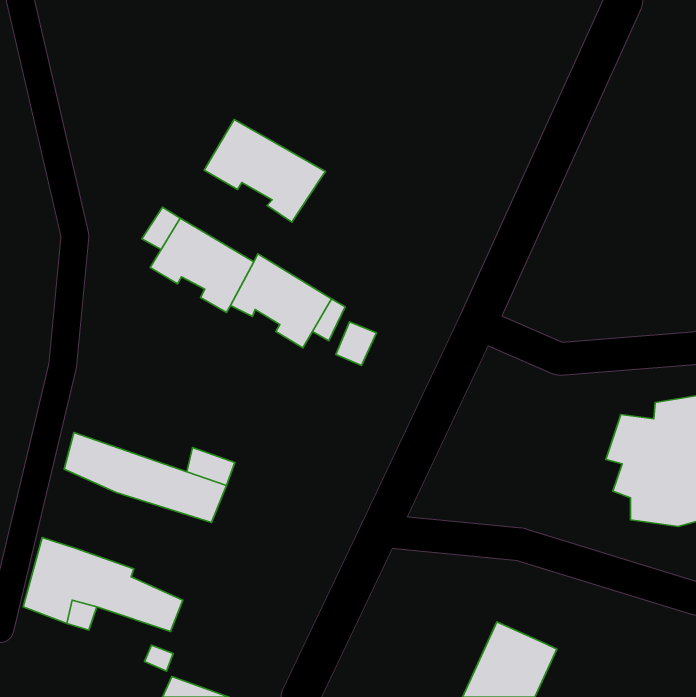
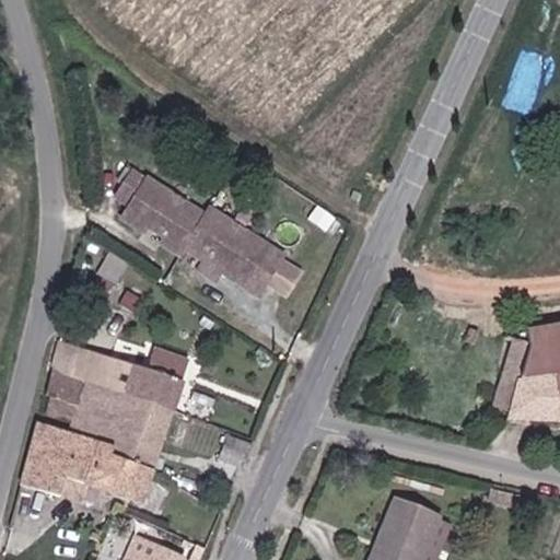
building: [204,119,325,222] -> none
building: none -> [43,376,171,481]

